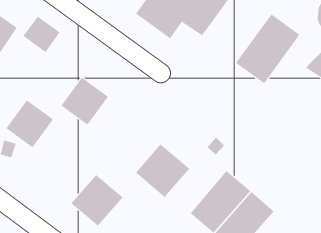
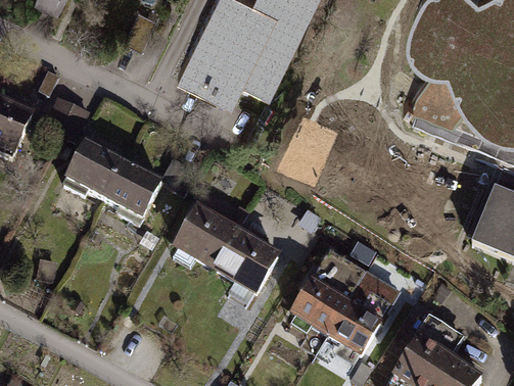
building: [235,13,300,84] -> none
building: [5,99,54,148] -> [67,149,127,209]
building: [71,174,123,226] -> [175,212,240,278]

